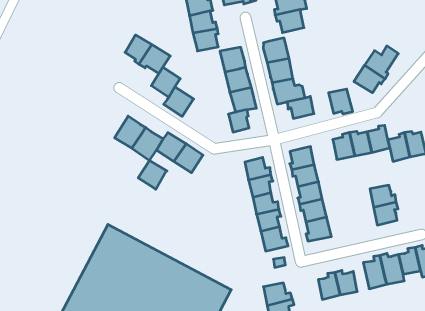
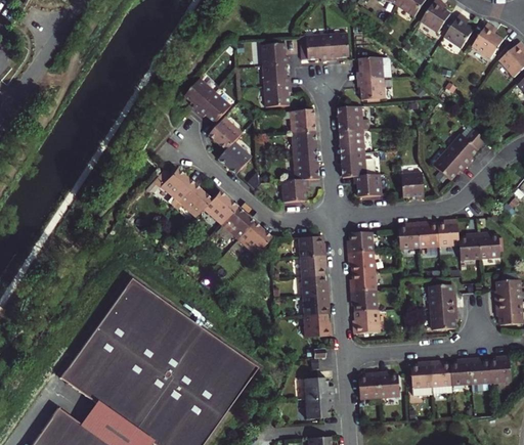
building: [138,160,167,189] -> [237,222,270,255]

